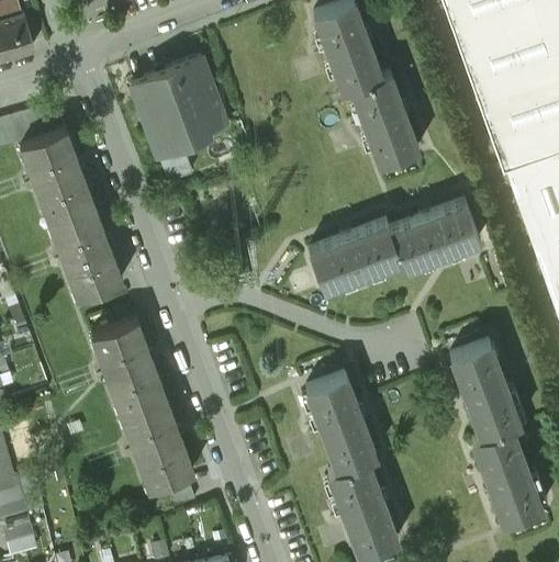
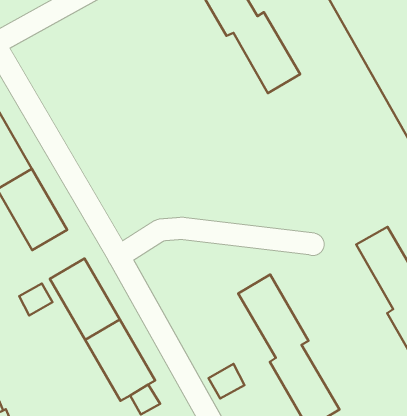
building: [131,56,226,182] -> none
building: [308,200,480,289] -> none
building: none -> [19,283,52,316]
building: none -> [209,364,244,399]

